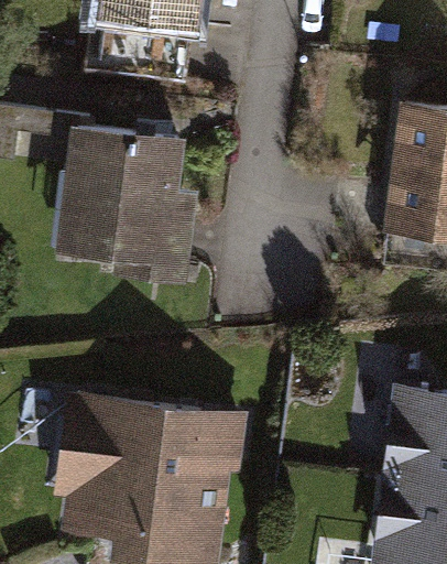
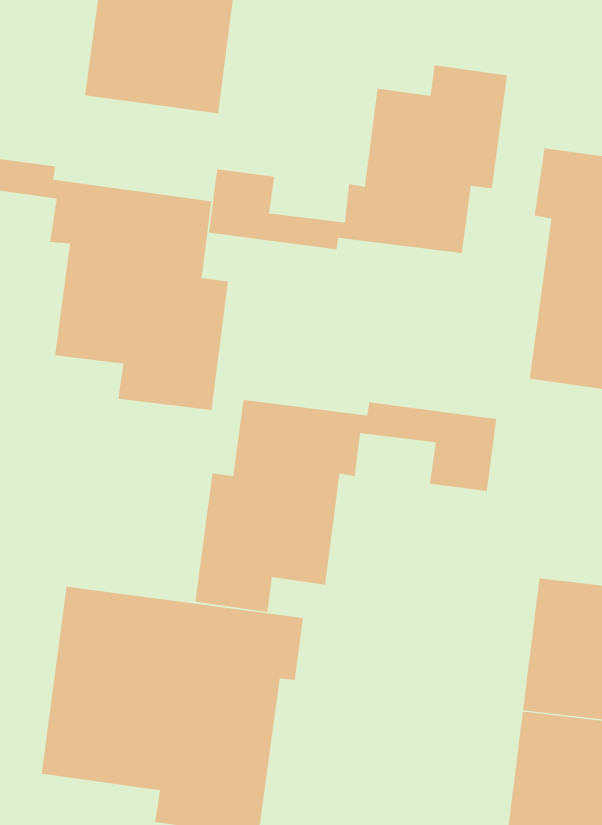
building: none -> [208,64,508,254]
building: none -> [194,399,497,613]

